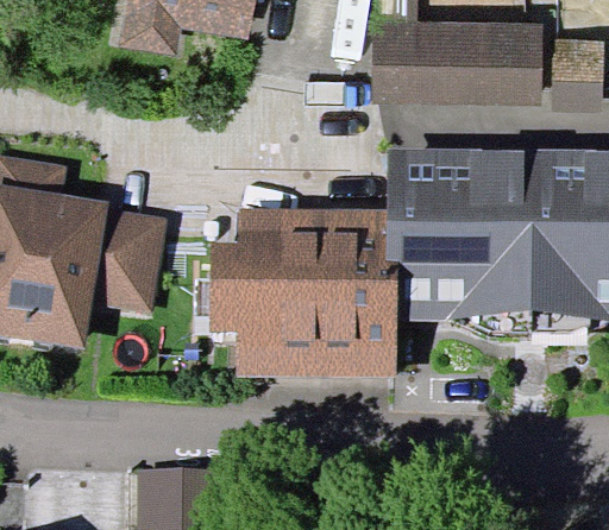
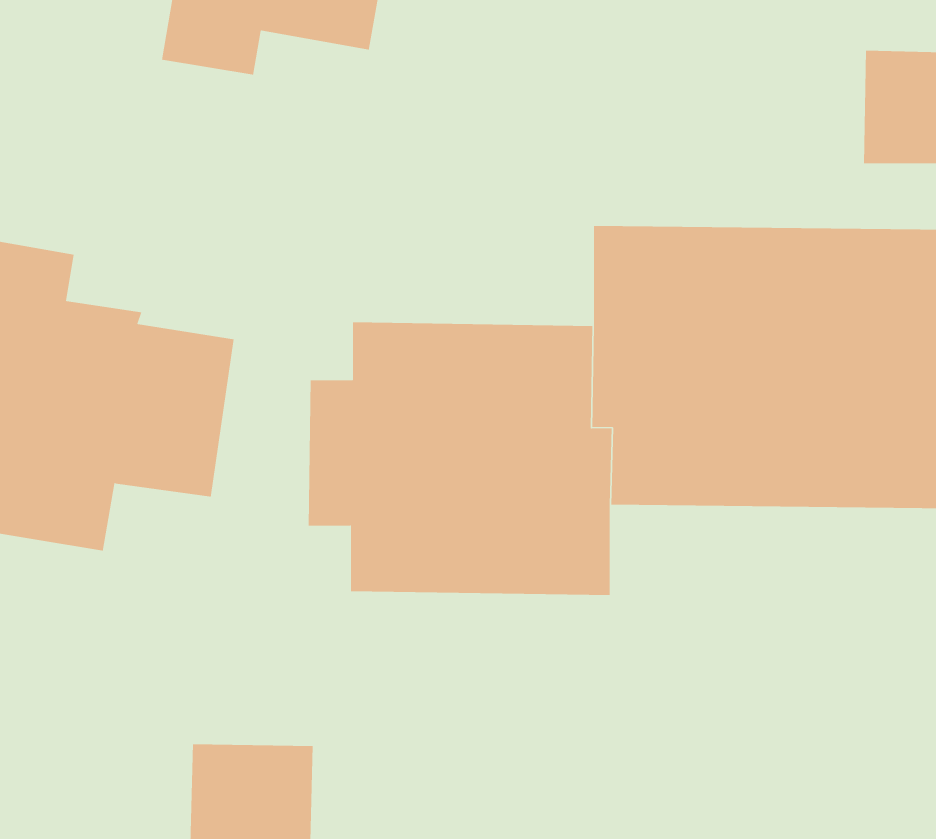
building: [372,23,542,103] -> none

